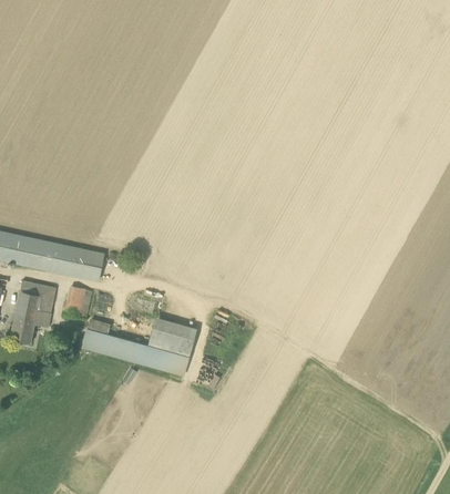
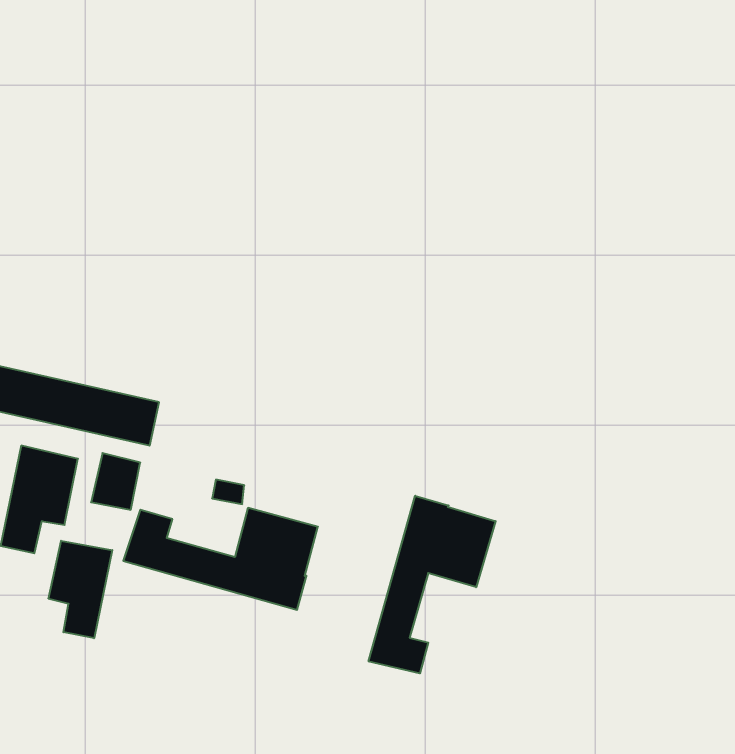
building: none -> [369,496,496,673]
building: none -> [49,541,112,638]

